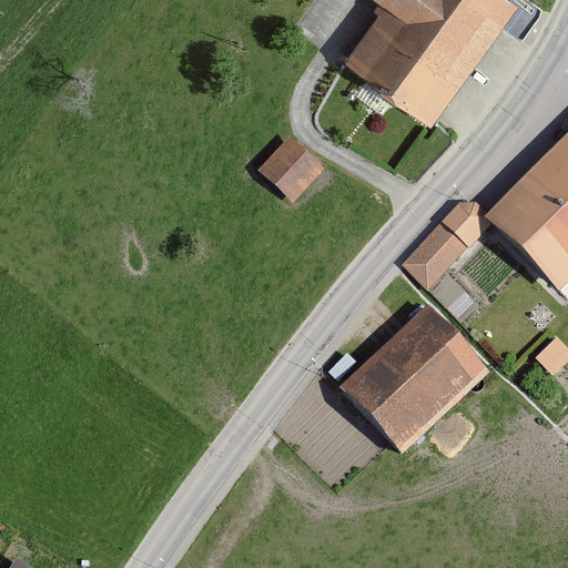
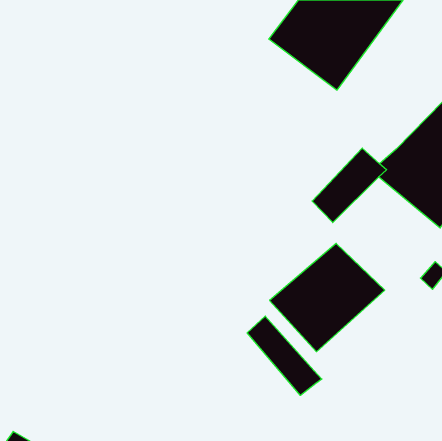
building: [261,131,321,196] -> none
building: none -> [247,316,322,395]

